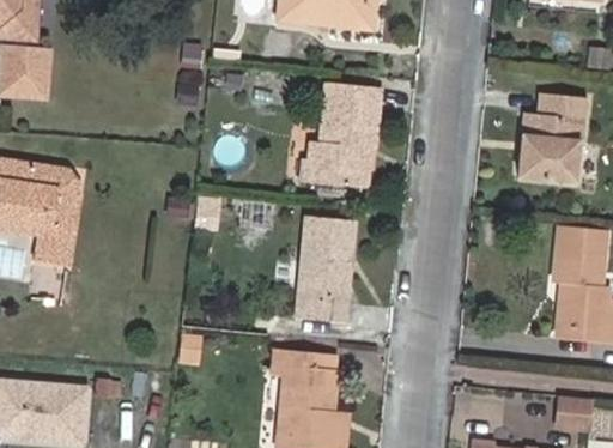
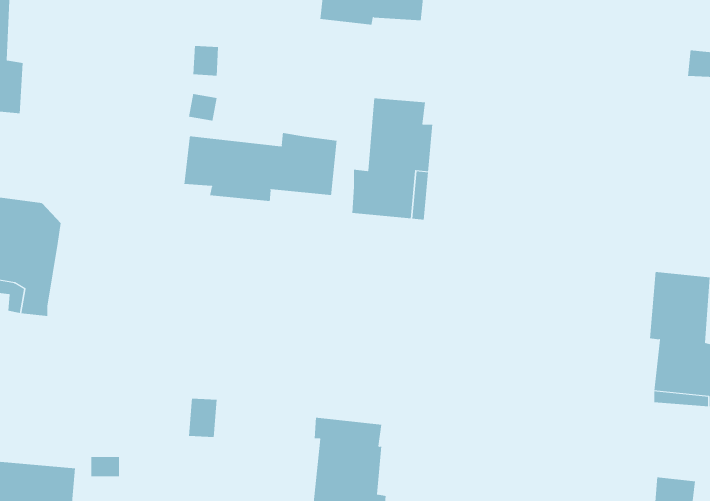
building: [516,92,589,181] -> none
building: none -> [184,132,337,202]
building: [296,214,357,321] -> none

